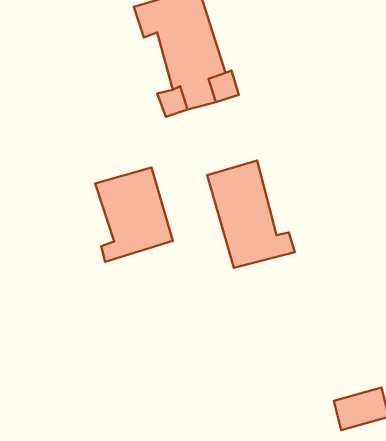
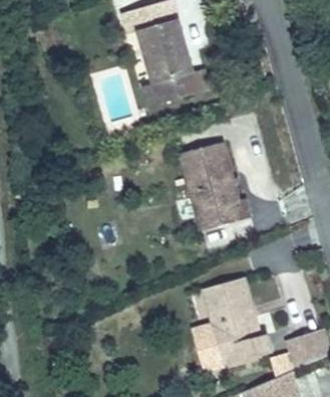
building: [95,167,173,262] -> none
building: none -> [201,279,272,366]

